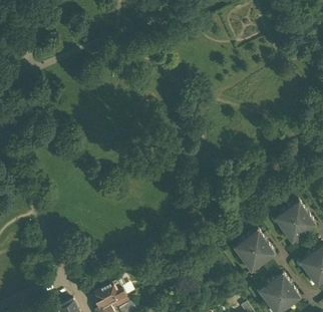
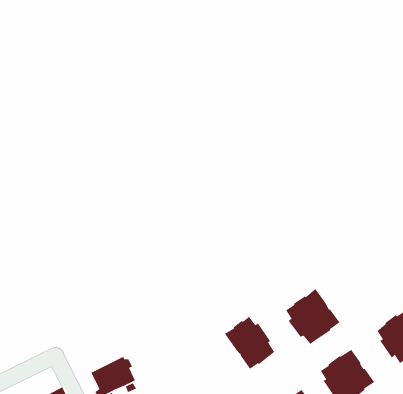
building: [276,199,316,240] -> none
building: none -> [224,316,275,370]

